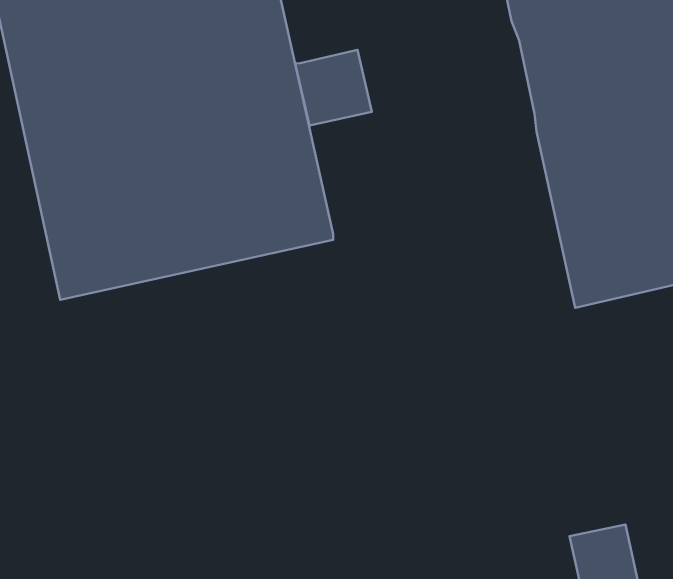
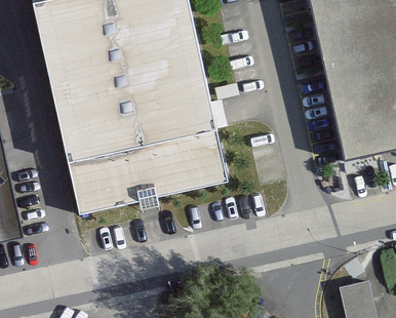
building: [295,50,372,126] -> none
building: none -> [70,132,226,213]

